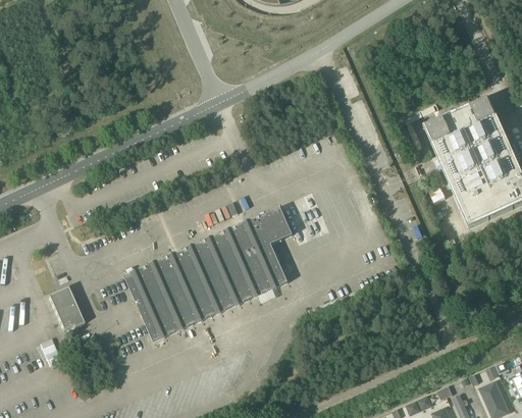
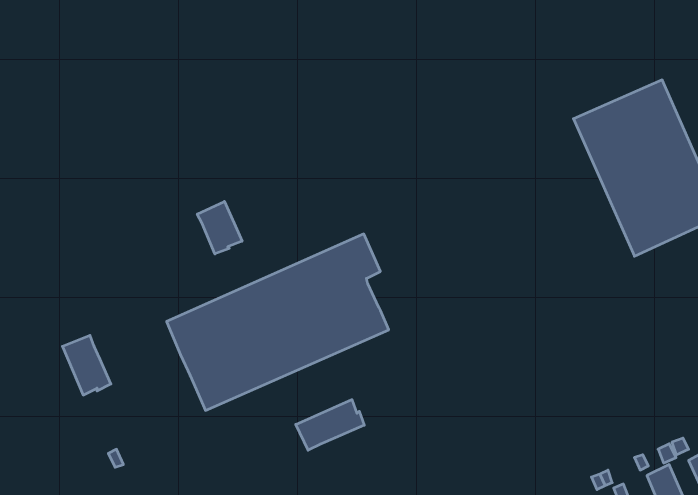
building: none -> [197,201,242,254]
building: none -> [296,400,364,450]

